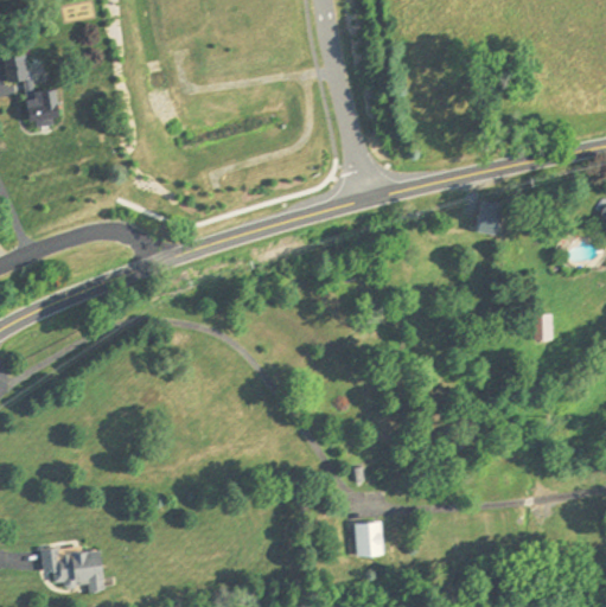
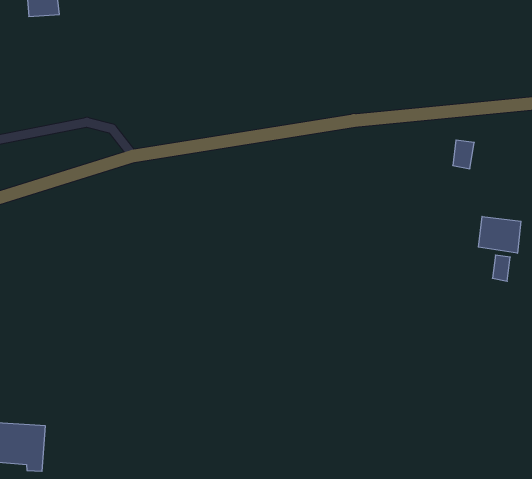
building: none -> [478,216,521,253]
building: [353,520,382,556] -> none

